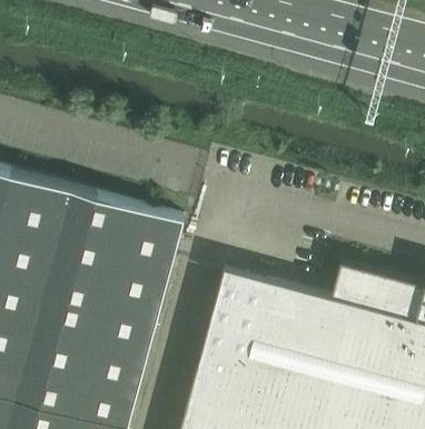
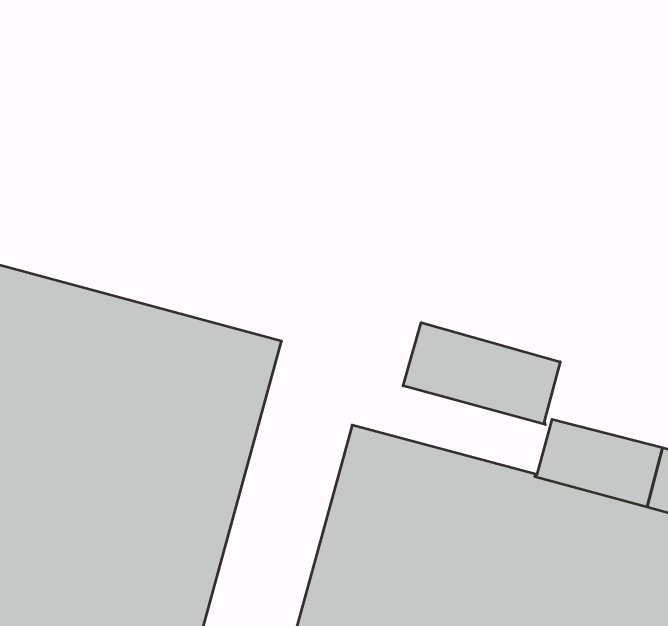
building: none -> [403,323,560,425]

